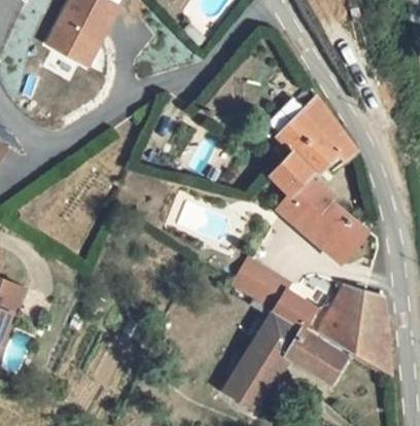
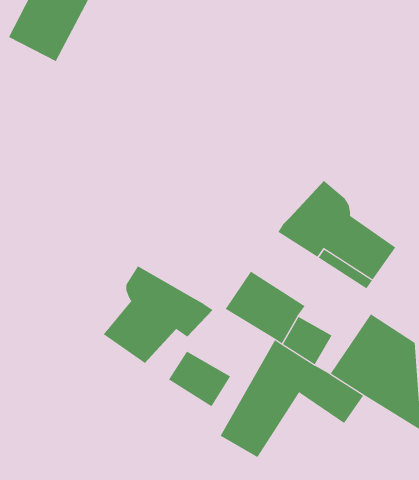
building: [269,91,351,203] -> none
building: none -> [103,266,213,364]
building: none -> [168,351,231,407]

